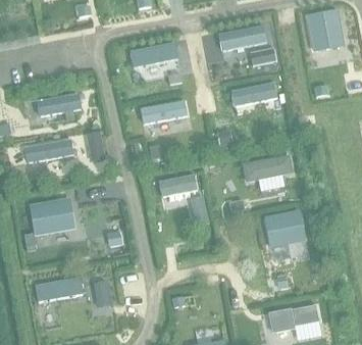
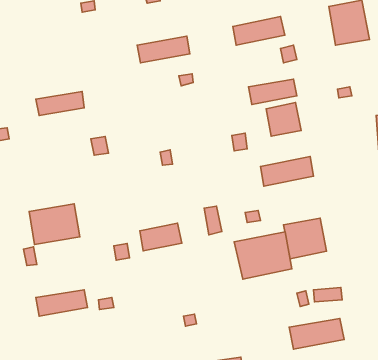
building: [140,99,187,124] -> none
building: none -> [266,103,301,136]
building: [23,138,71,162] -> none
building: [158,174,197,199] -> [140,223,182,251]
building: none -> [234,232,292,279]

